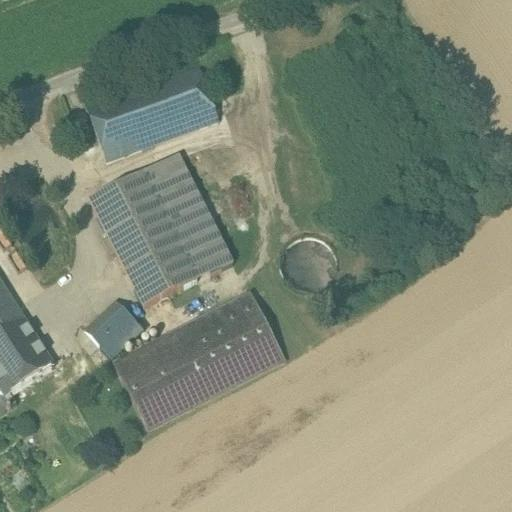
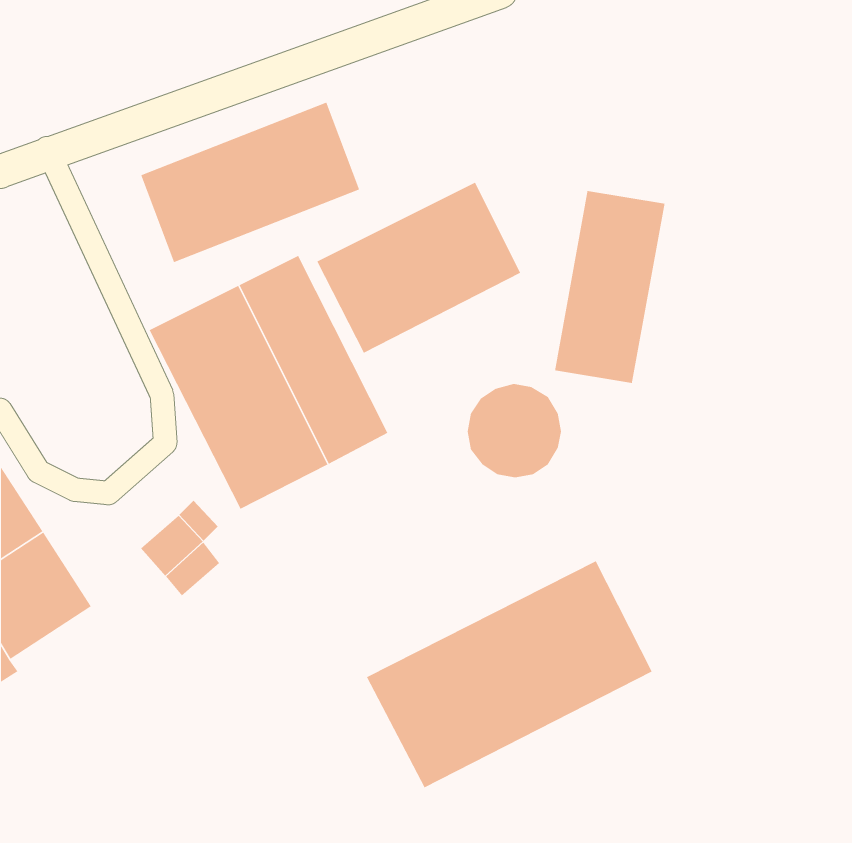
building: none -> [316,182,521,354]
building: none -> [554,190,665,384]
building: [113,291,285,428] -> [366,560,653,788]

